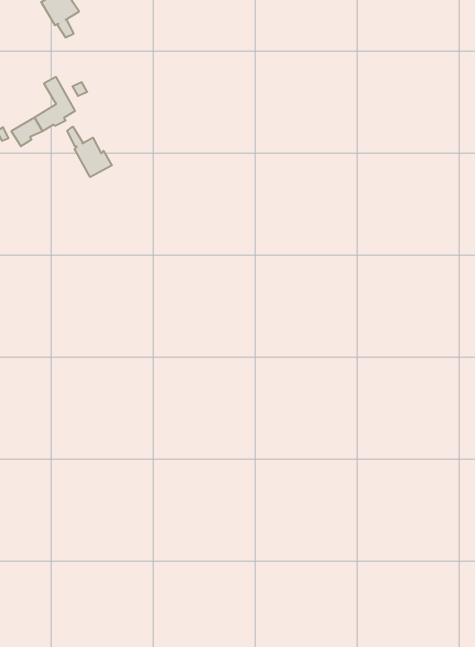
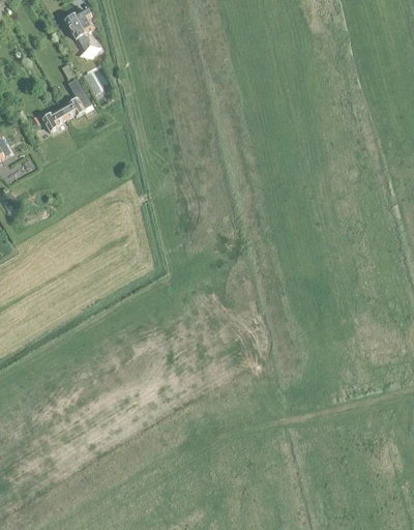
building: [67,127,112,177] -> none

